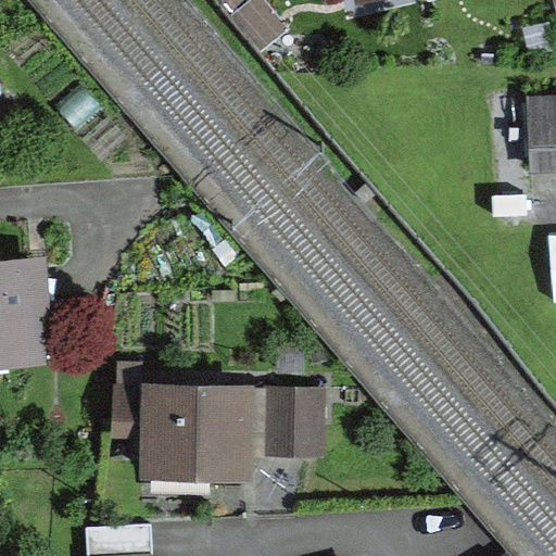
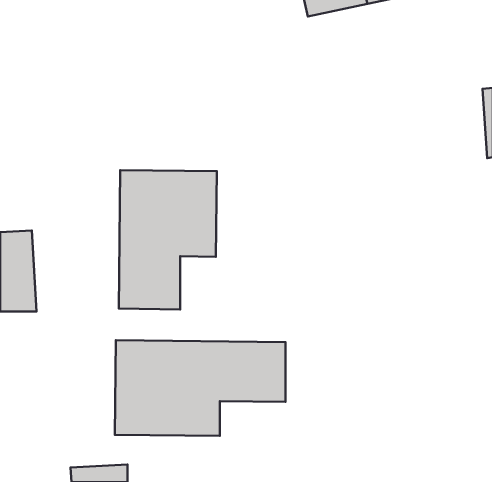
building: none -> [119,170,217,310]

